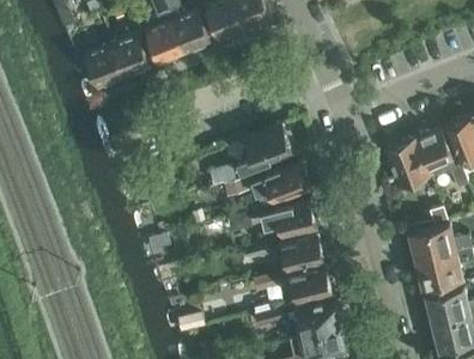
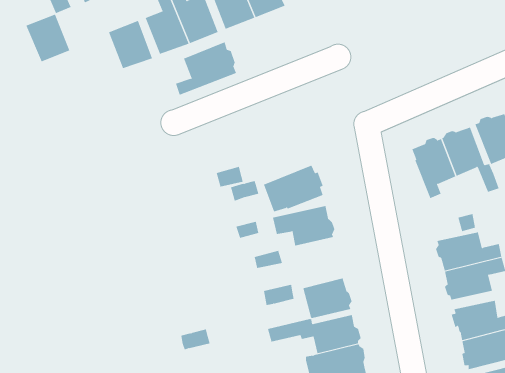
building: [84,43,124,87] -> [25,14,70,62]
building: [237,124,293,174] -> [175,42,237,95]
building: [275,235,327,272] -> none

